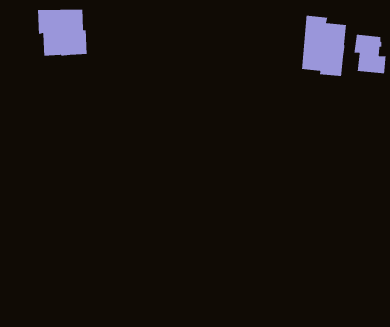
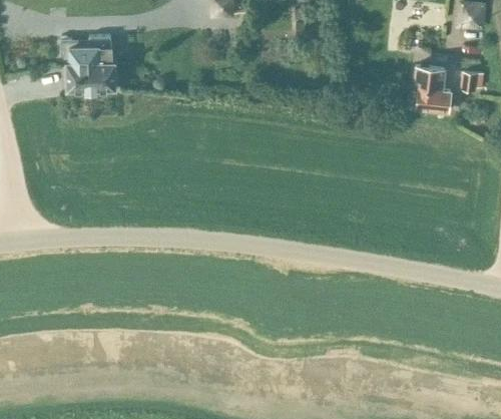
building: [301,15,347,77] -> none

